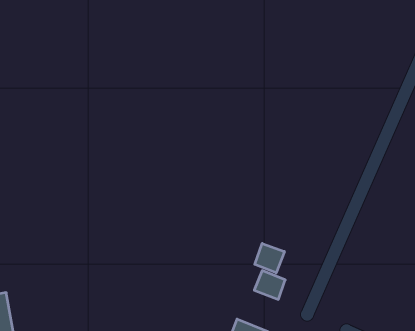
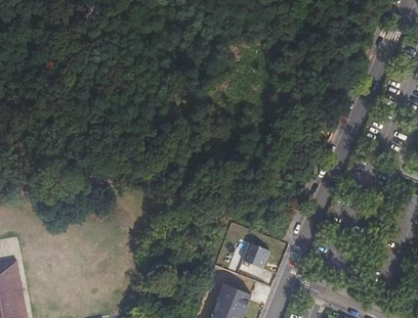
building: [255,243,284,273] -> none

